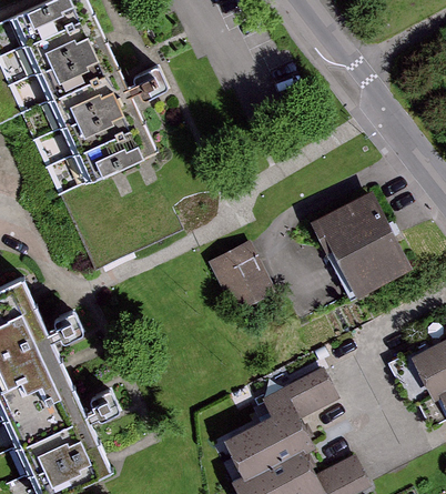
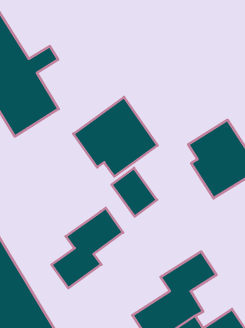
building: none -> [73,97,157,176]
building: none -> [52,208,123,288]

